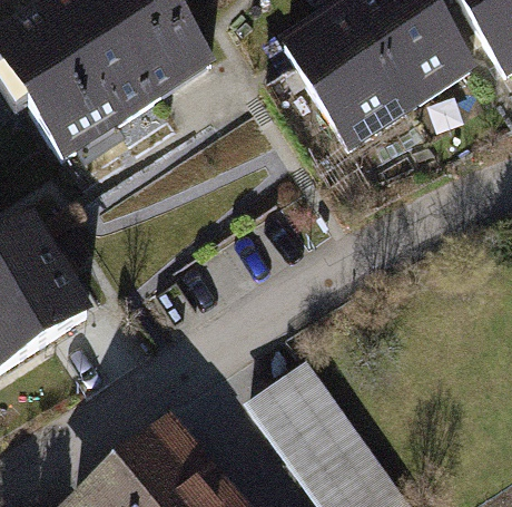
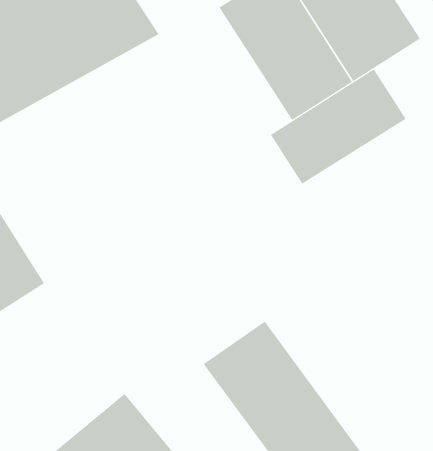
building: none -> [270,69,407,185]

